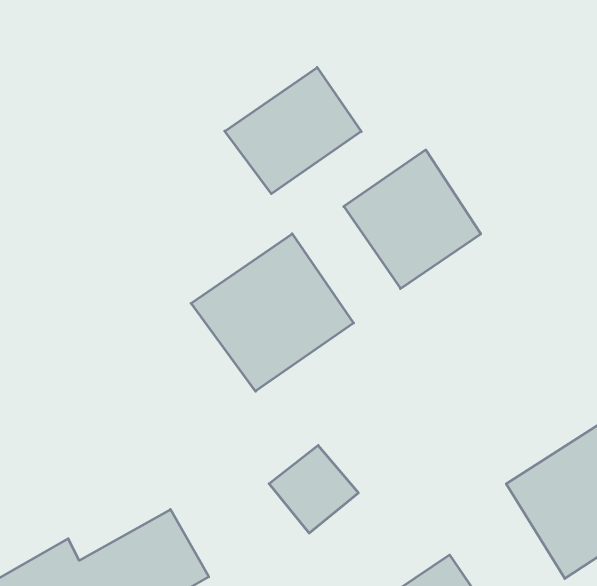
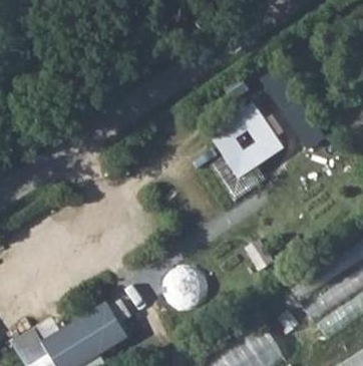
building: [225,67,361,194] -> none
building: [191,234,354,391] -> none

